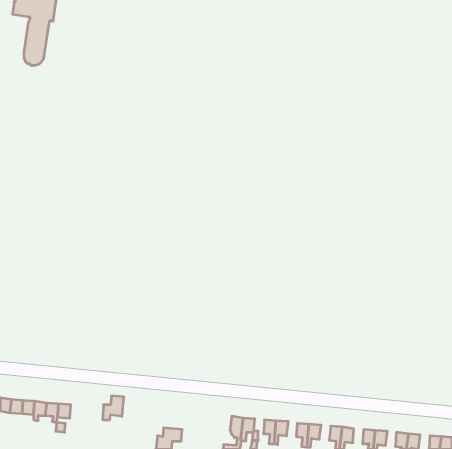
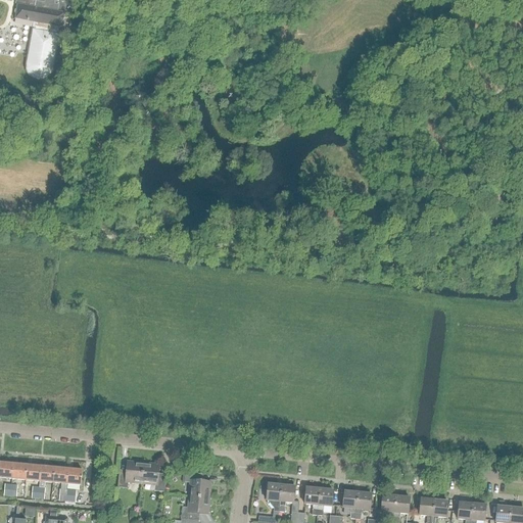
building: none -> [141,459,165,489]
building: none -> [184,471,211,496]

